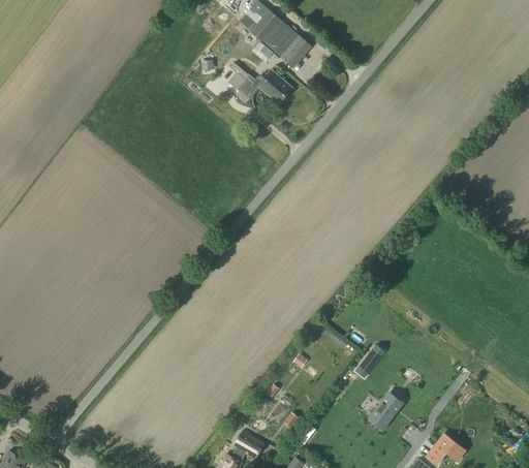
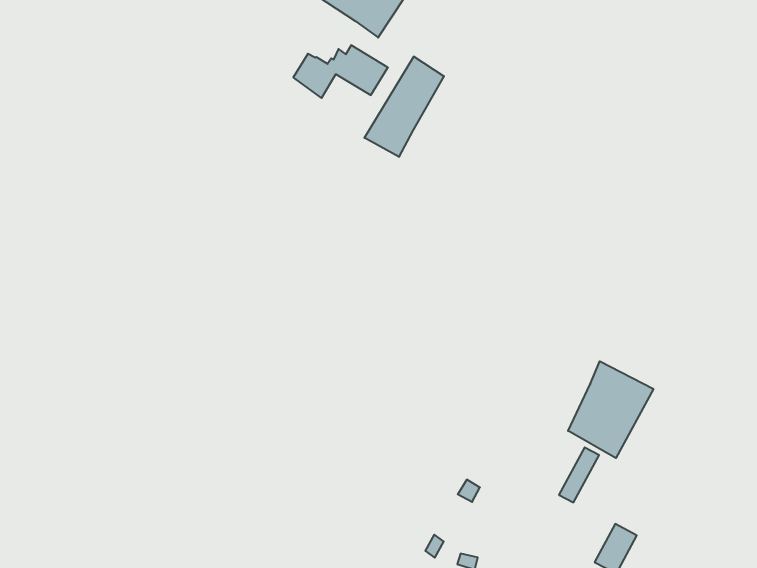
building: none -> [364,56,444,157]
building: none -> [568,361,653,458]

